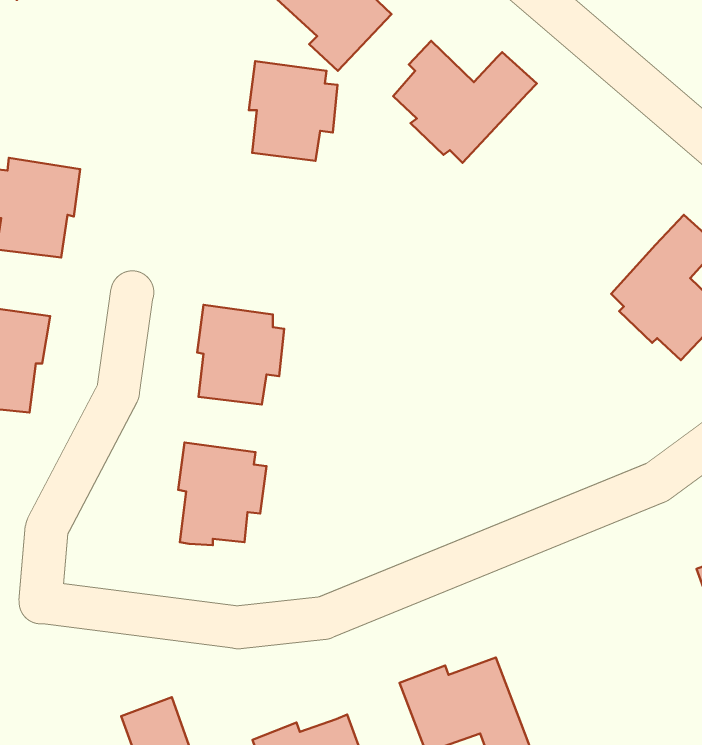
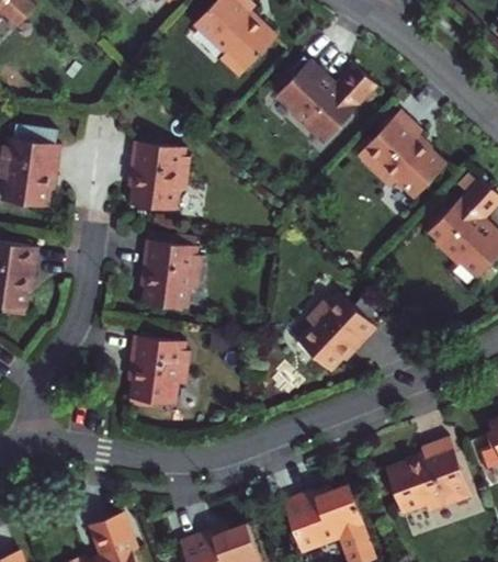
building: [249,61,338,161] -> [128,140,190,210]
building: none -> [356,110,446,198]
building: none -> [297,294,377,371]
building: none -> [386,437,472,513]

